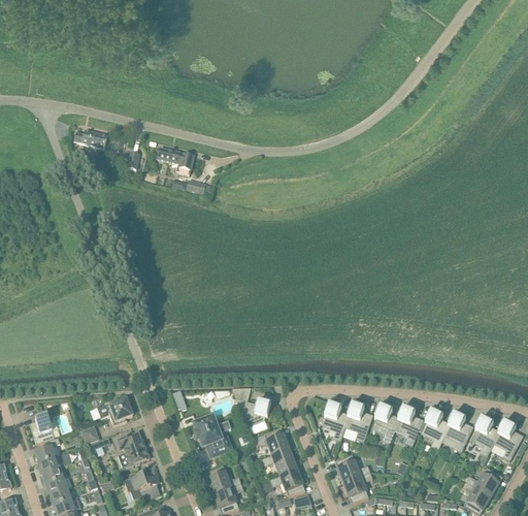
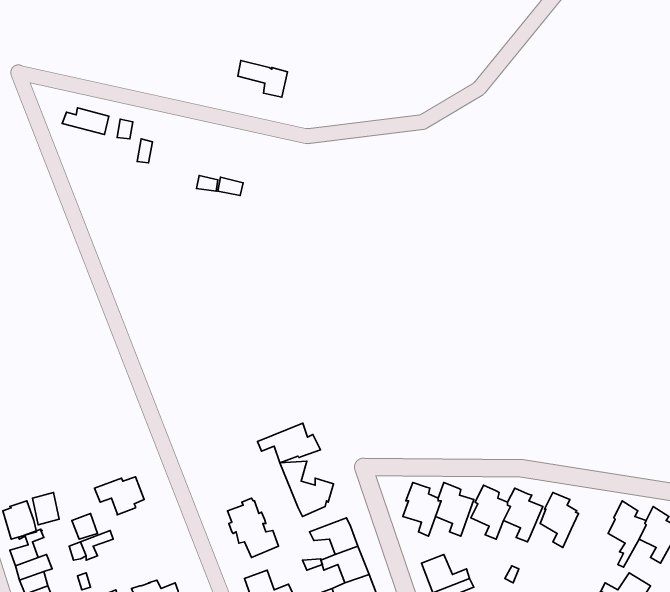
building: [158,147,194,173] -> [238,61,287,97]
building: none -> [258,423,320,463]
building: [444,411,473,451] -> none
building: [117,430,150,464] -> none

